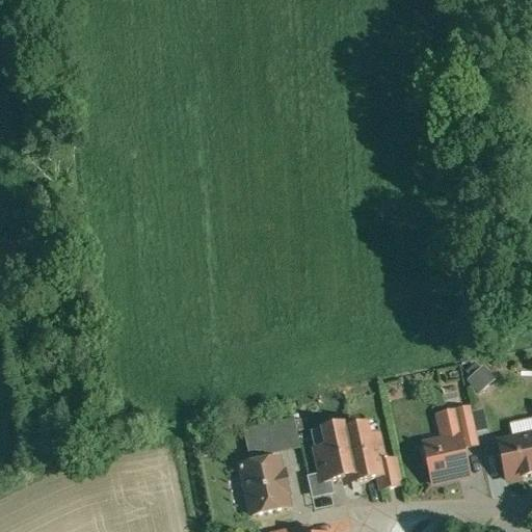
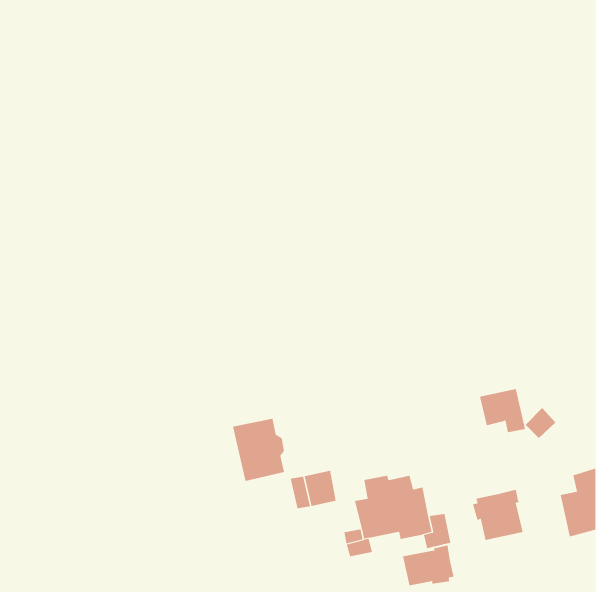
building: [436,405,478,445] -> [479,388,526,433]
building: [240,456,287,512] -> [232,418,285,481]
building: none -> [403,545,454,586]

